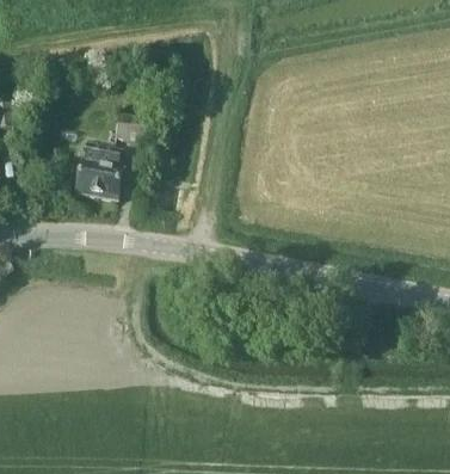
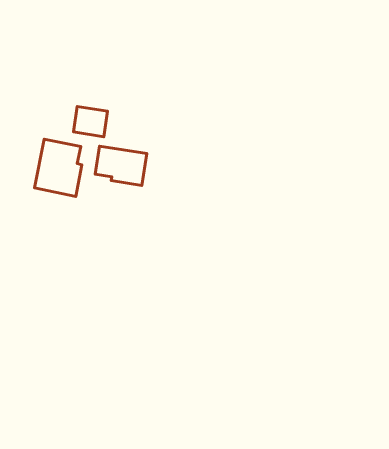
building: none -> [95,146,147,186]

